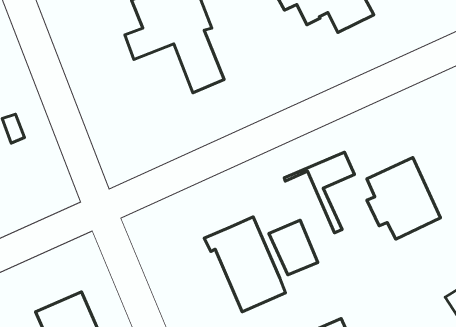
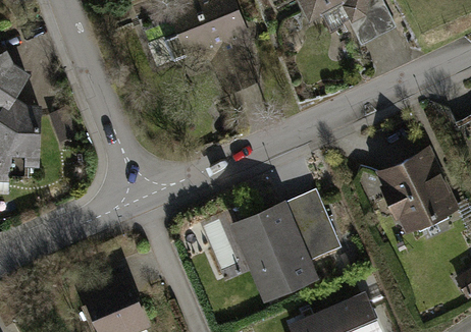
building: [284,152,354,233] -> [260,188,324,262]

